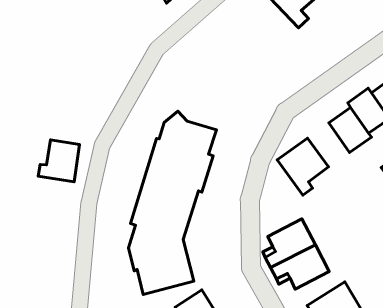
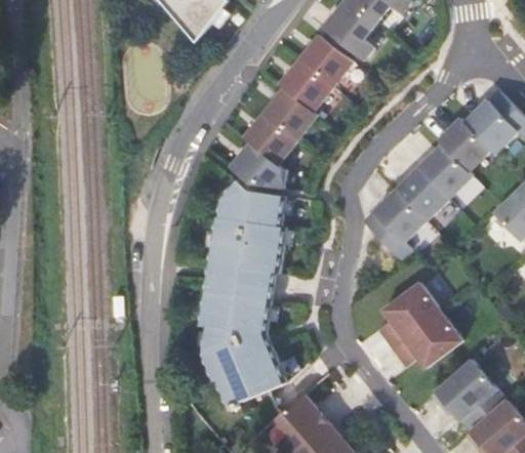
building: none -> [231,35,354,190]
building: none -> [398,166,451,219]
building: [38,140,80,182] -> none

